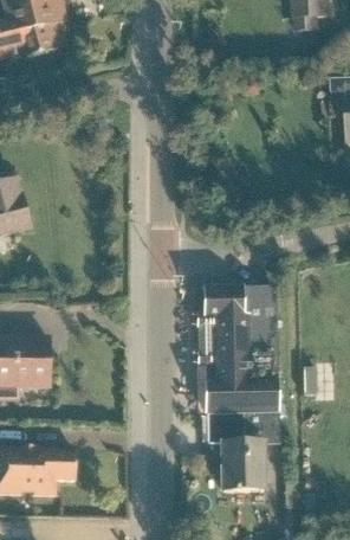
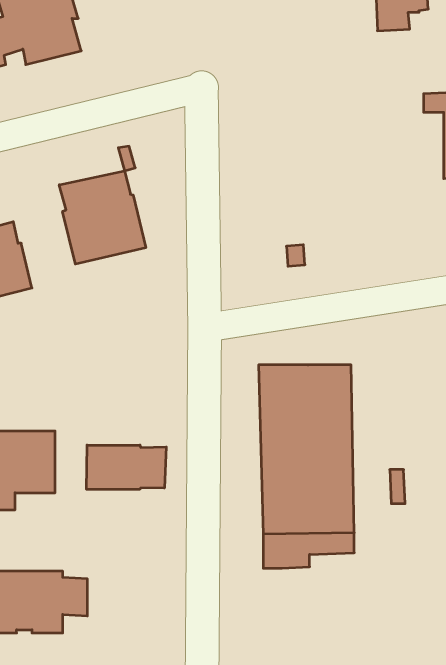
building: none -> [59,171,146,264]
building: none -> [87,445,166,489]
building: [222,432,278,491] -> none

